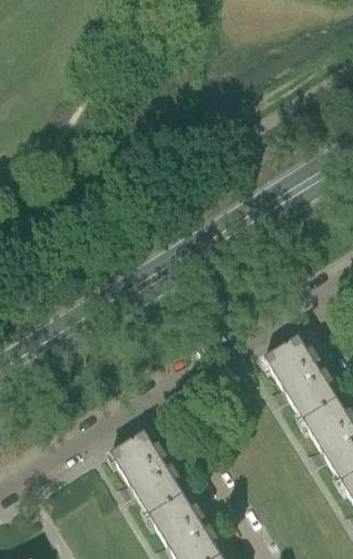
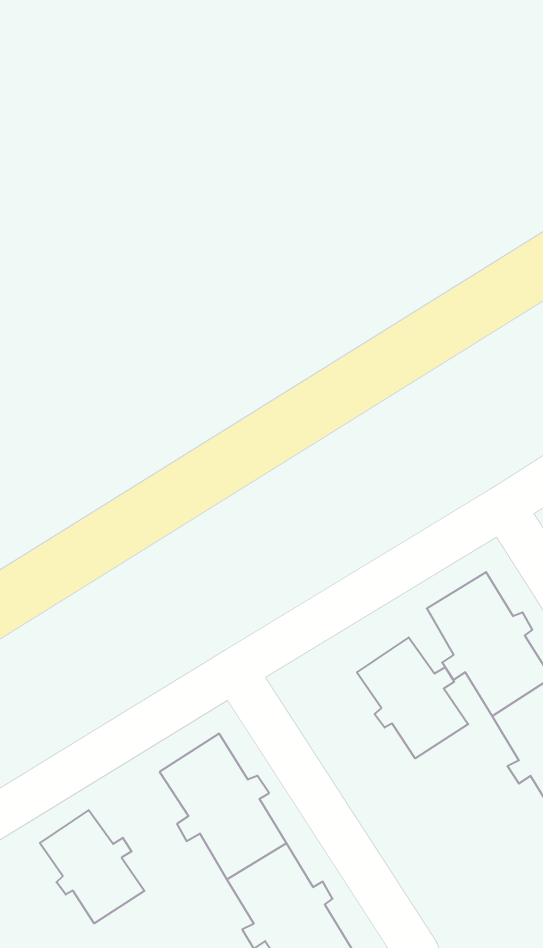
building: none -> [357,637,468,758]
building: none -> [40,810,144,923]

